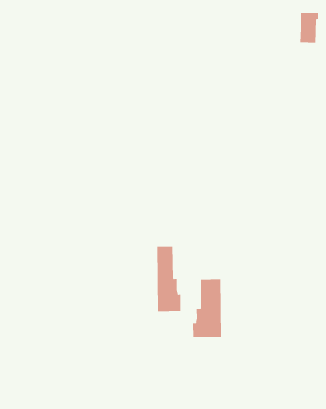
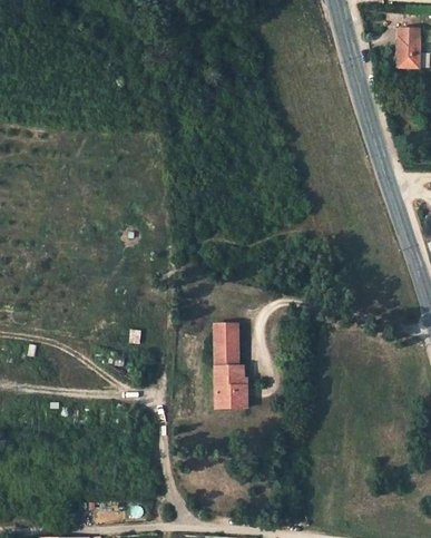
building: [192,279,222,338] -> none

